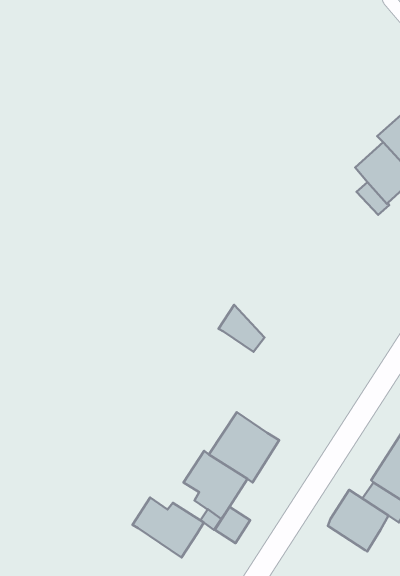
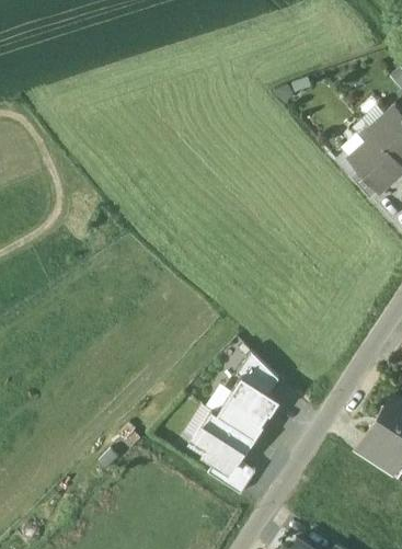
building: [219,305,264,352] -> [238,352,279,394]
building: [328,490,388,551] -> none
building: [132,498,204,558] -> none

